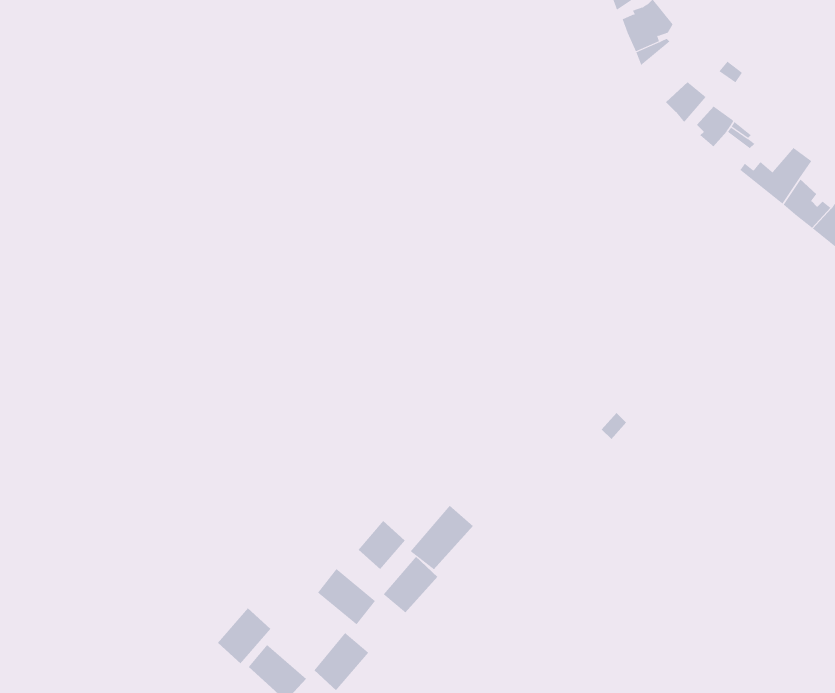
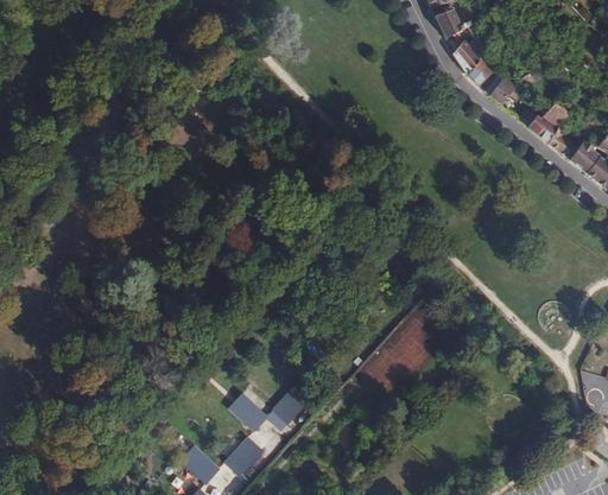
building: none -> [454,40,484,72]
building: [410,505,474,570] -> none
building: [358,520,406,570] -> none
building: [217,608,271,664] -> none

